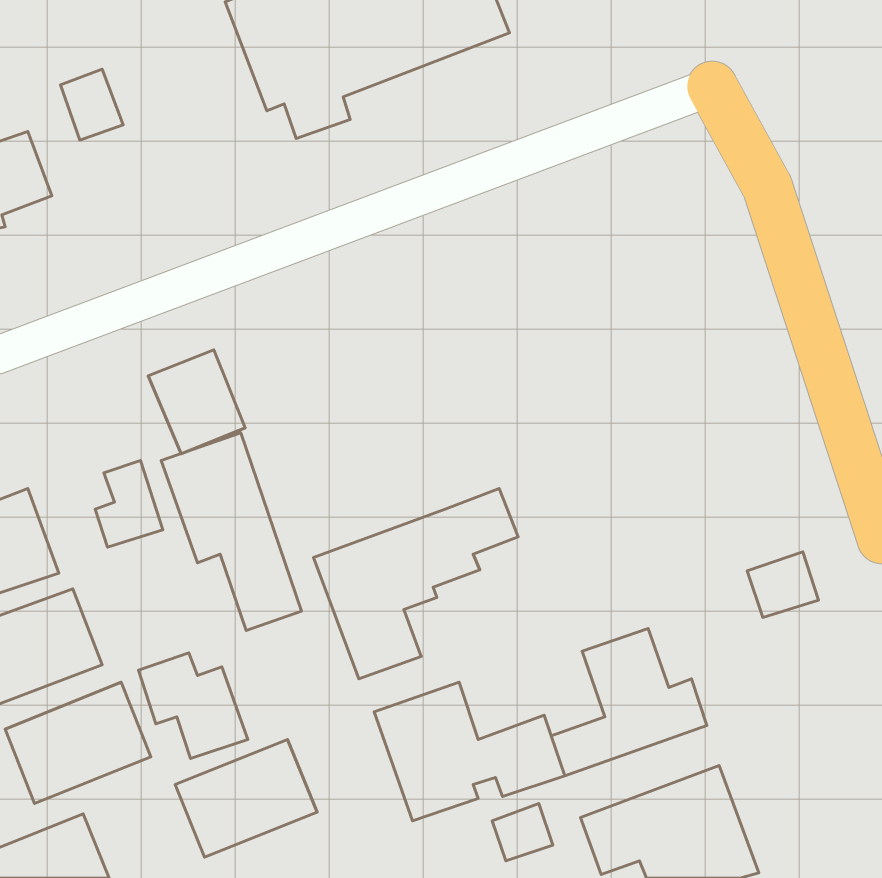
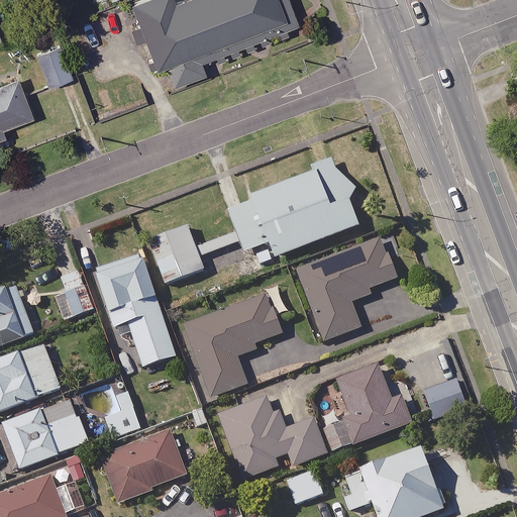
building: none -> [227,158,357,257]
building: [148,350,245,454] -> [147,223,204,284]
building: none -> [297,238,394,339]
building: [747,552,818,618] -> [424,379,466,417]

